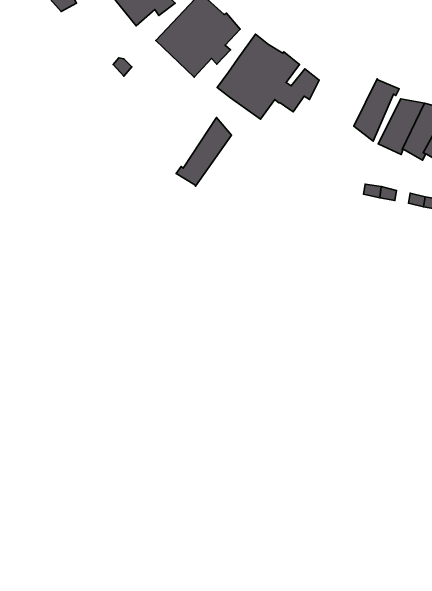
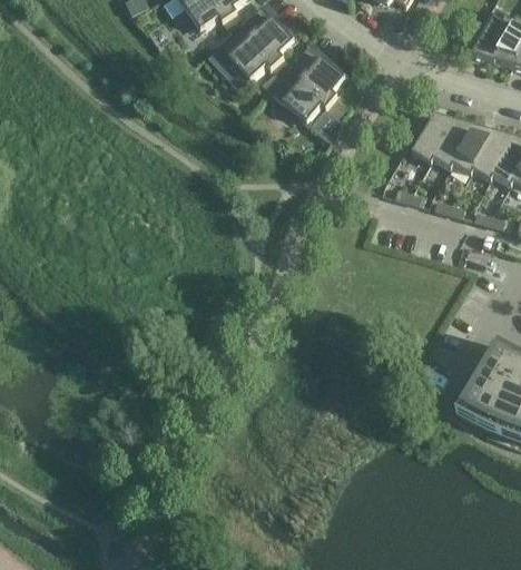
building: [354,79,399,141] -> none
building: [176,117,231,186] -> none

